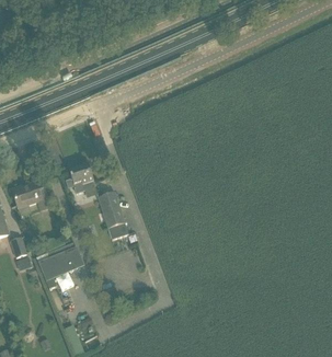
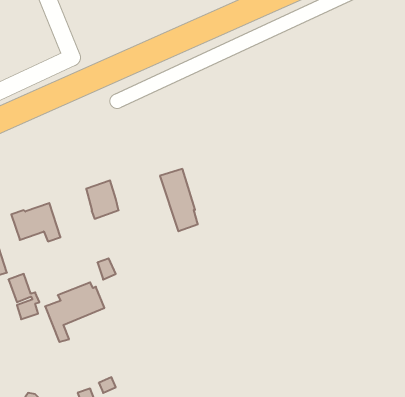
building: [98,191,127,239] -> [160,169,198,231]

